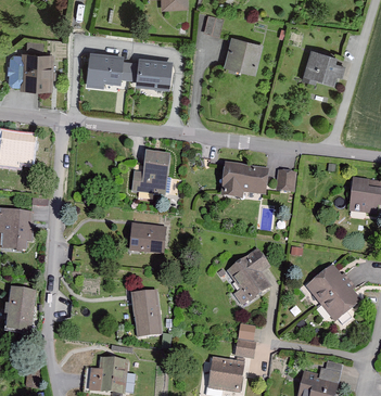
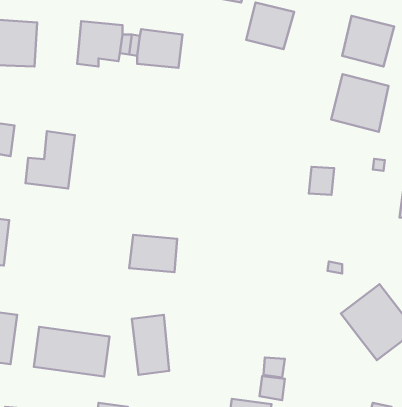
building: none -> [331,74,389,132]
building: [130,150,170,196] -> [26,131,75,189]
building: [220,163,268,199] -> none
building: [226,251,271,305] -> none
building: none -> [34,327,109,376]

